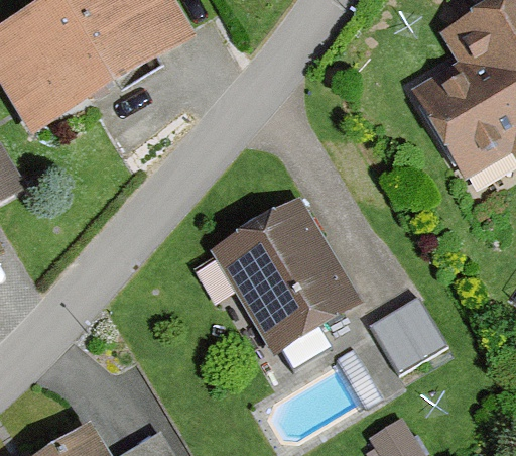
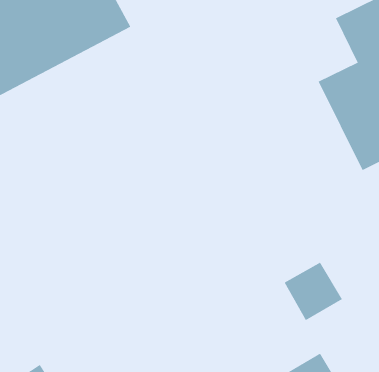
building: [212,202,367,359] -> none

